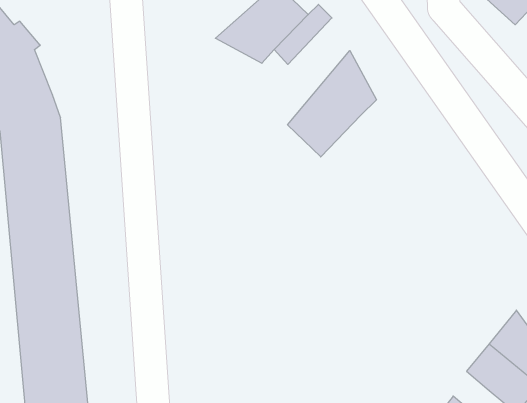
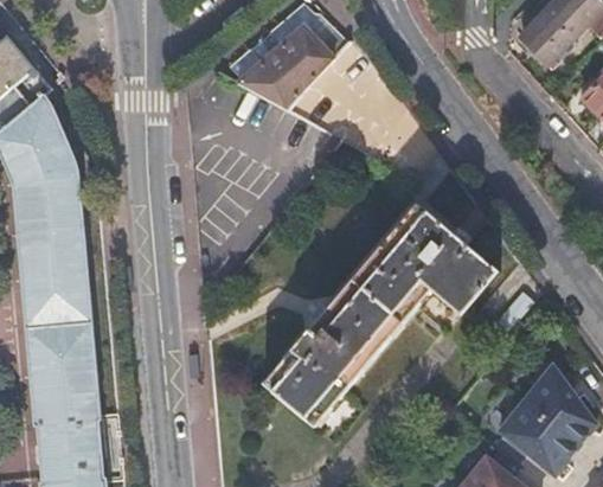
building: [288,51,376,157] -> none
building: none -> [265,200,500,423]

